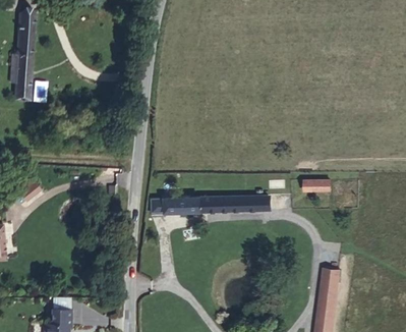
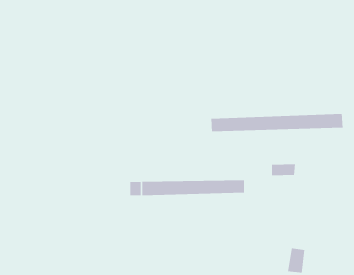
building: [14,8,36,97] -> none
building: none -> [211,113,343,132]

